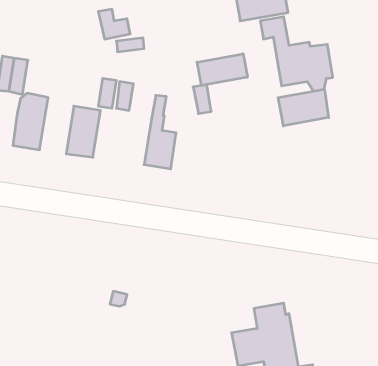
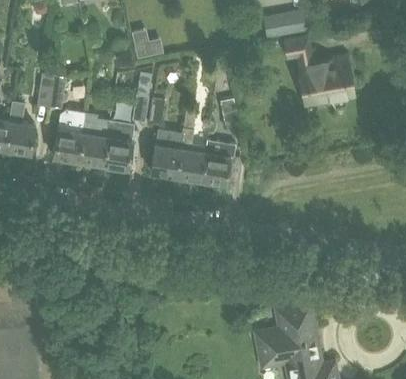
building: [197,54,247,86] -> none
building: [278,89,329,126] -> none
building: none -> [77,112,109,165]
building: none -> [150,128,182,175]
building: none -> [200,139,235,183]

